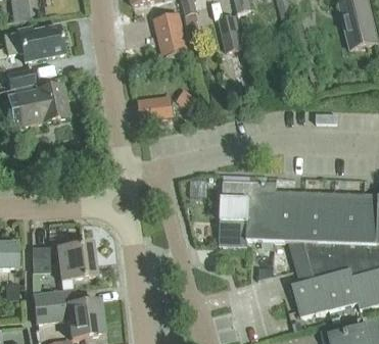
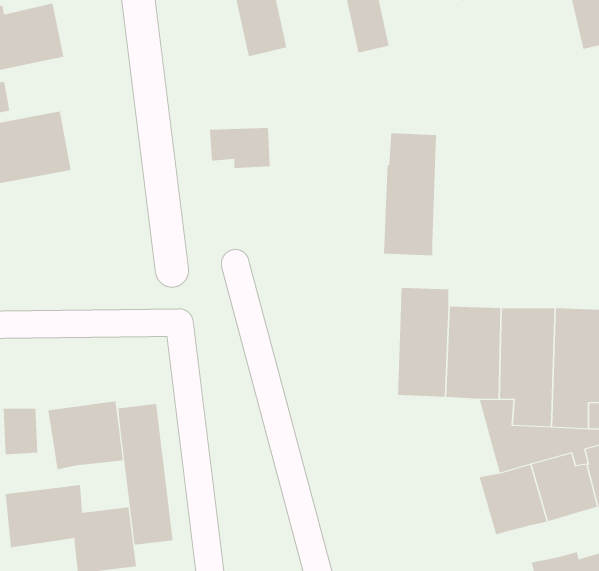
building: [219,180,248,247] -> [383,133,437,256]
building: none -> [118,403,173,545]

